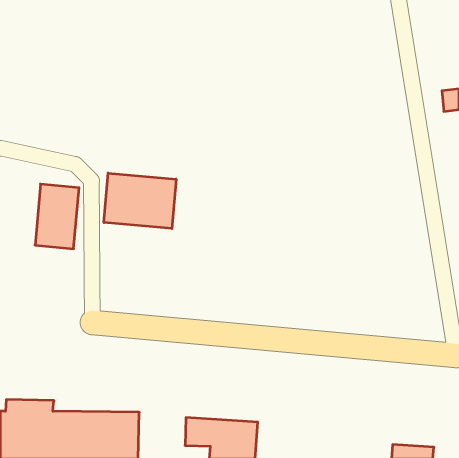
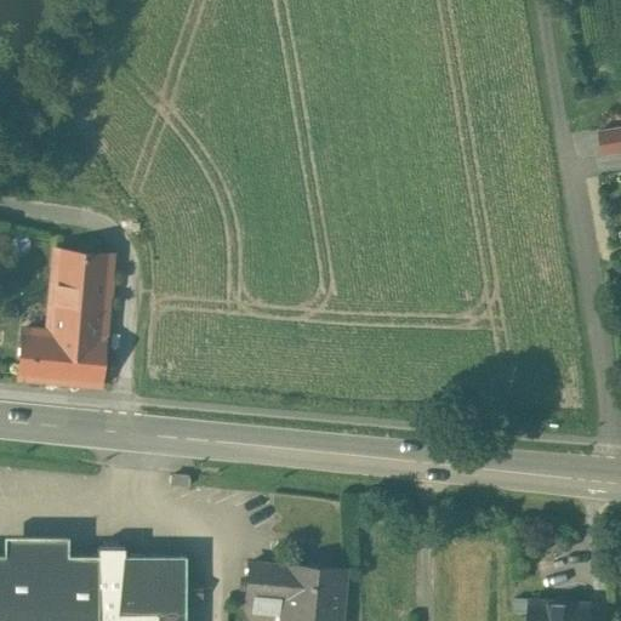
building: [104,173,176,229] -> none
building: none -> [18,330,99,382]

